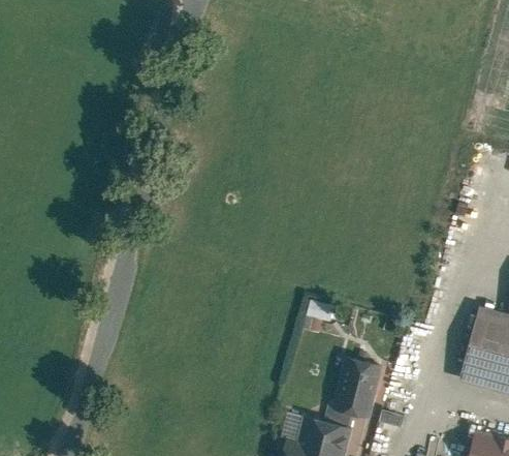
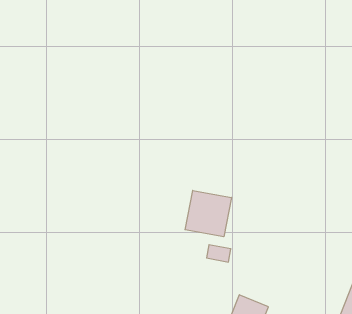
building: none -> [185,190,231,237]

